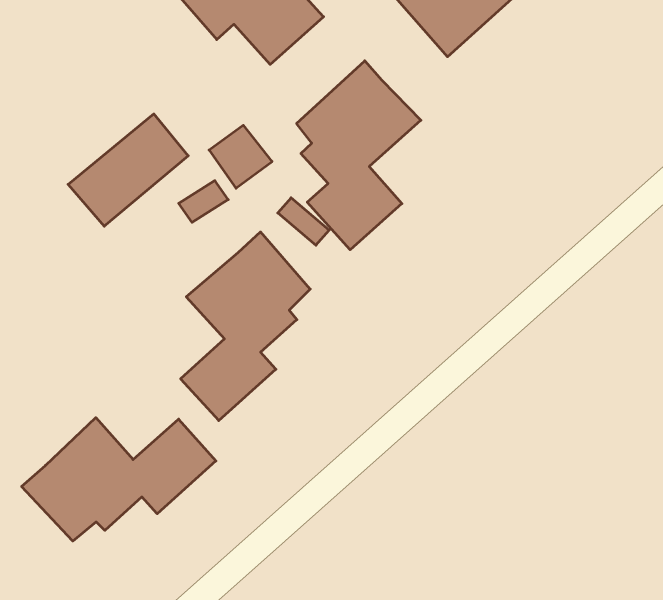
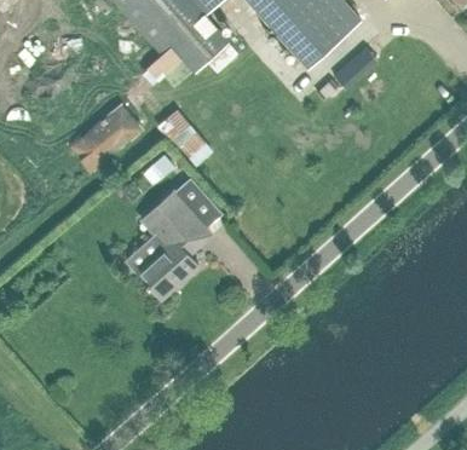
building: [297,61,421,250] -> none
building: [22,418,216,541] -> none

